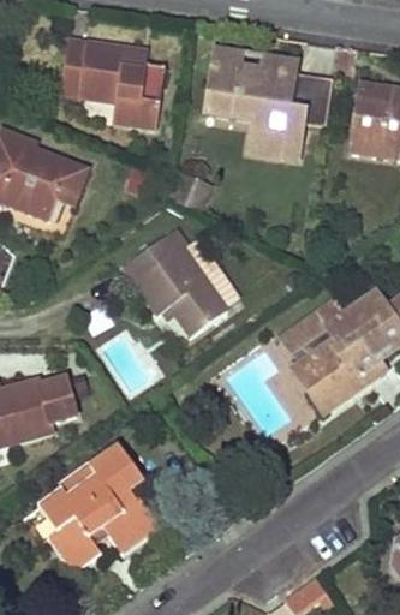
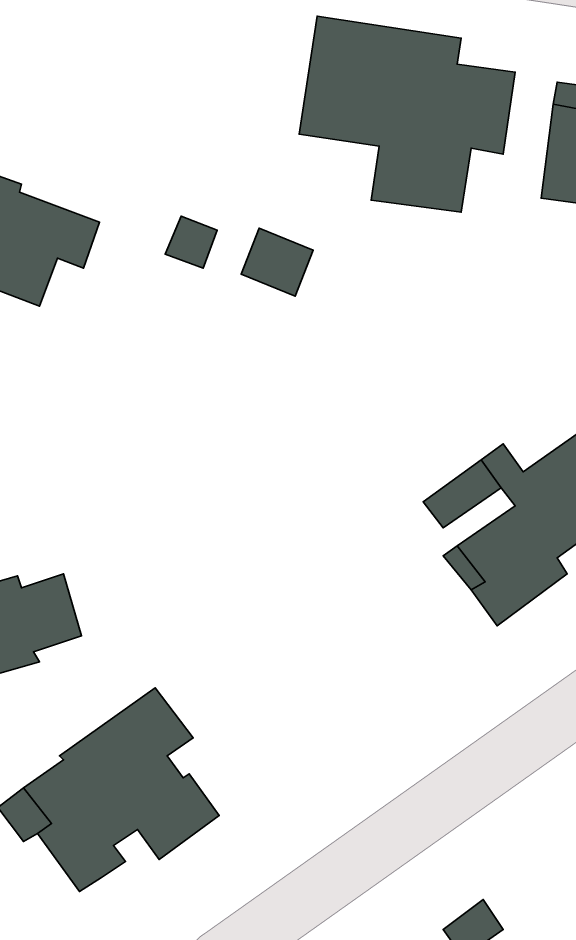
building: [62,41,165,126] -> none
building: [130,235,227,333] -> none

